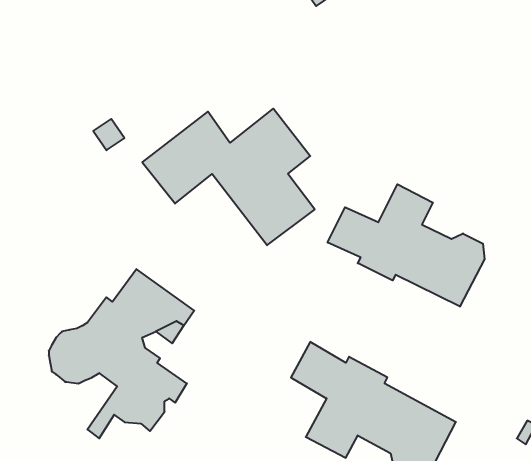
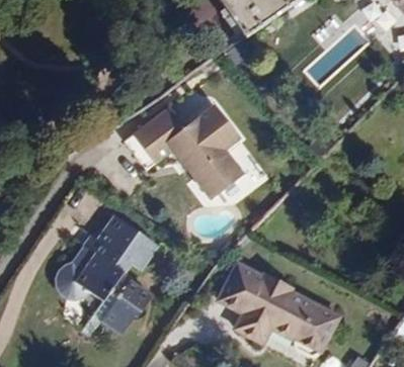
building: [328,184,485,307] -> none

